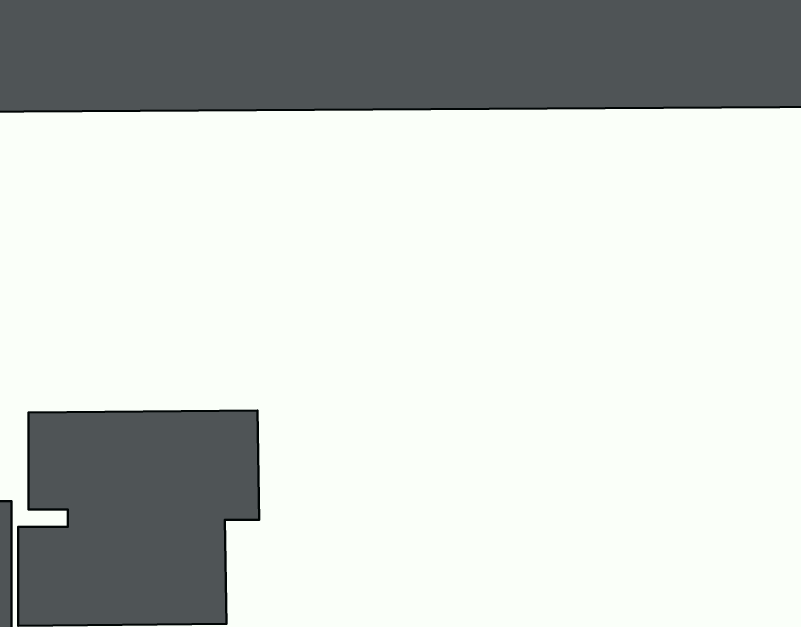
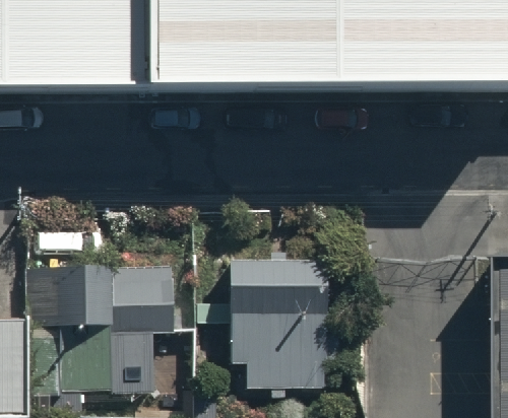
building: none -> [232,257,325,382]

